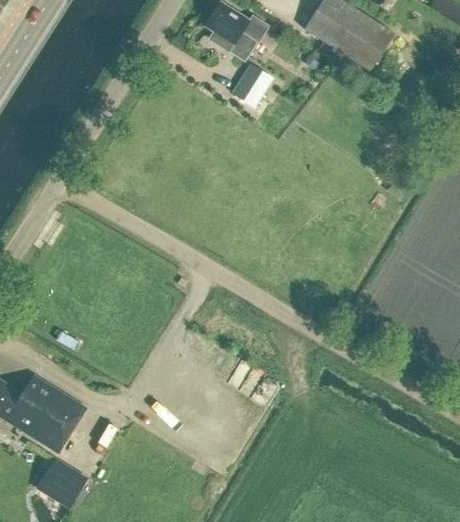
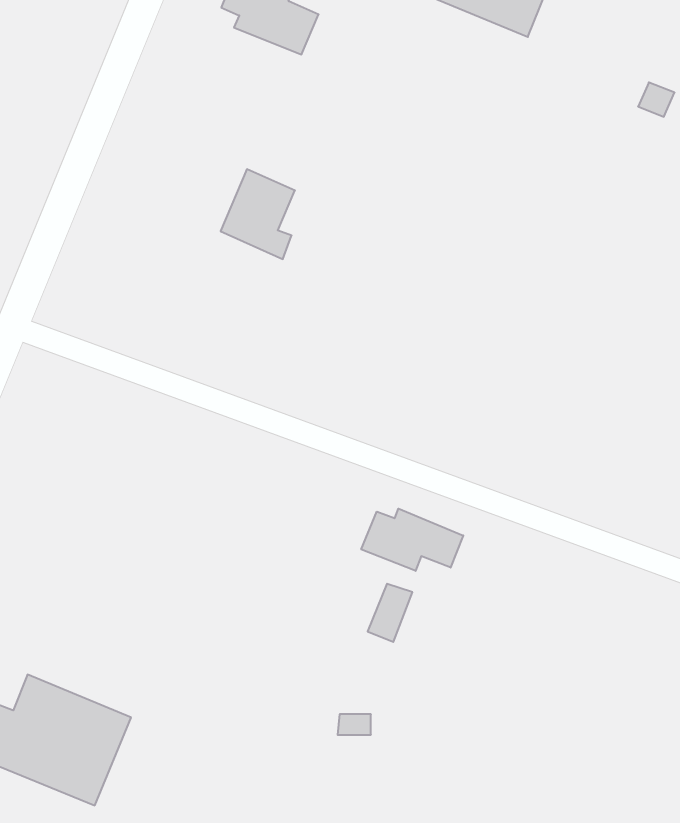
building: [227,63,272,116] -> [221,169,295,259]
building: none -> [361,509,463,571]

